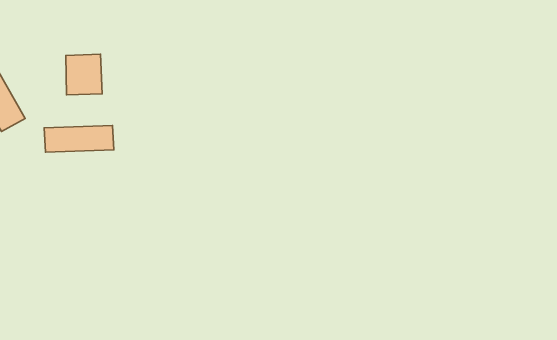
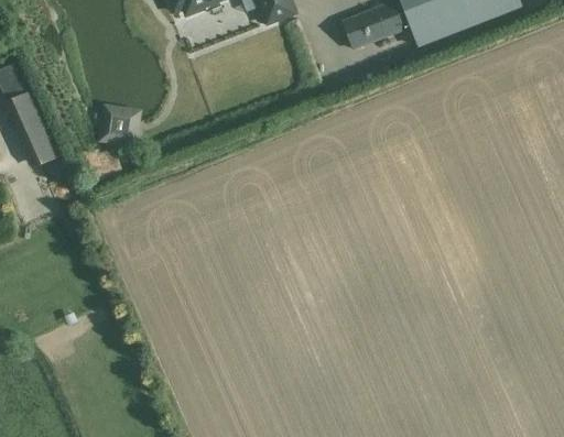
building: [44,126,114,152] -> none

